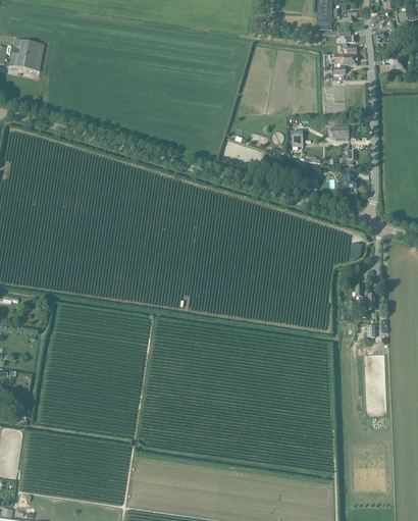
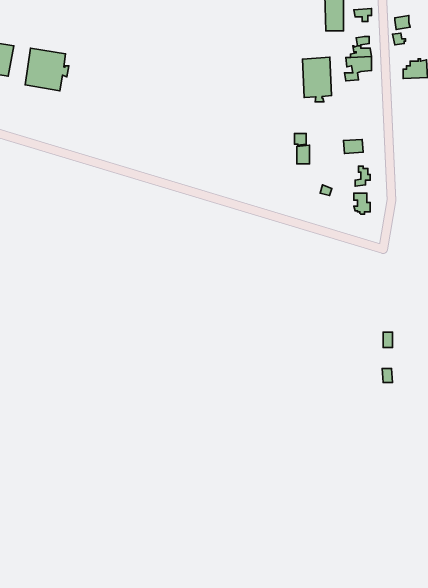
building: none -> [25,48,69,91]
building: none -> [302,57,332,102]

